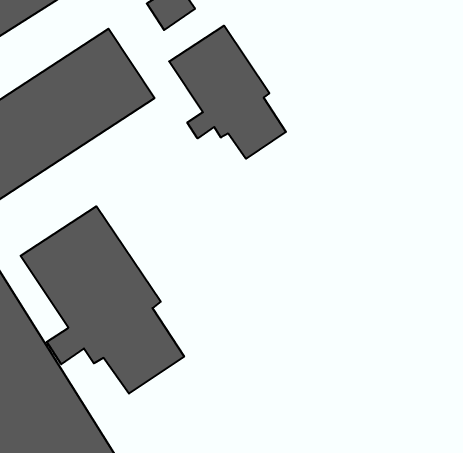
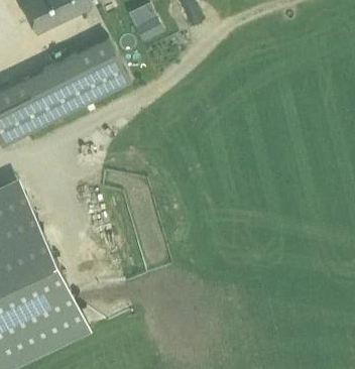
building: [169,26,286,159] -> none
building: [21,206,184,394] -> none

